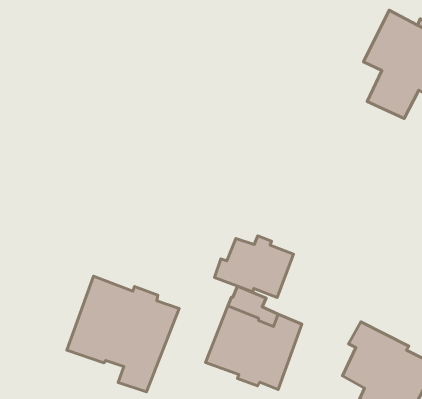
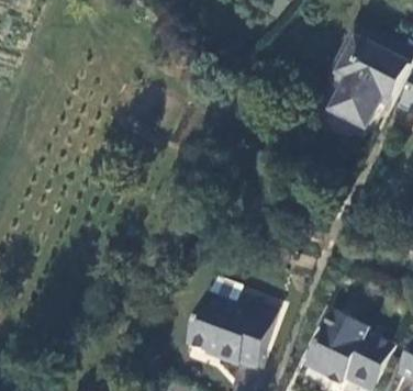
building: [215,236,293,297] -> none
building: [67,276,179,392] -> none

